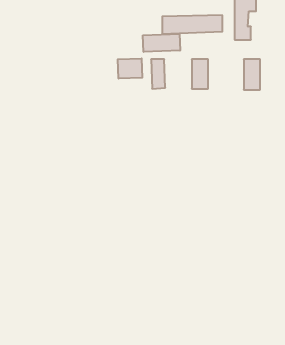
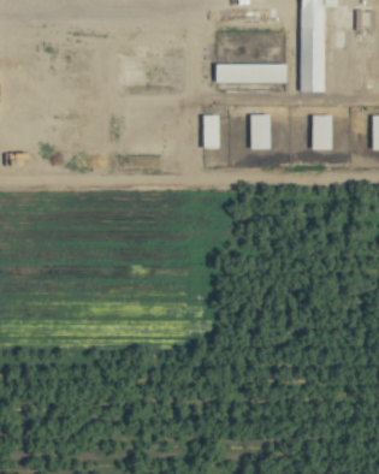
building: [143,34,180,52] -> none
building: [118,58,142,79] -> none

